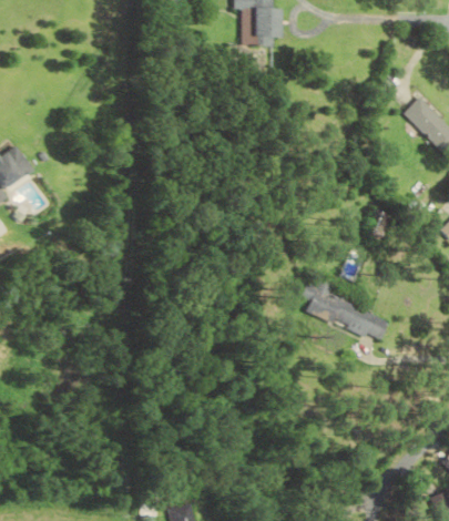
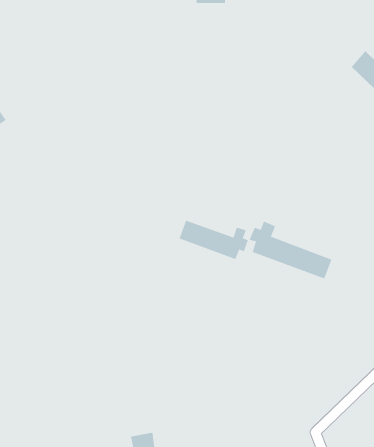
building: none -> [179,220,248,260]

